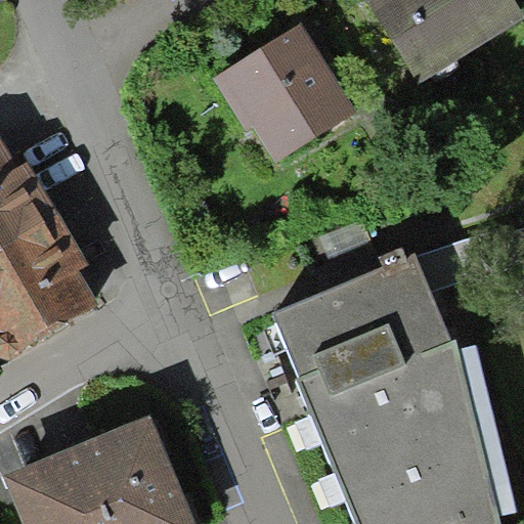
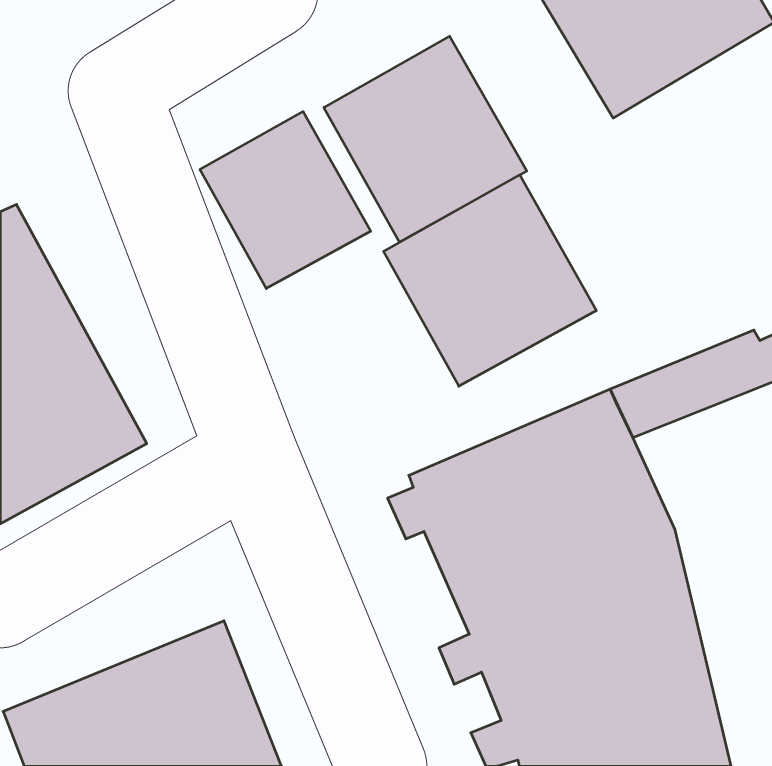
building: none -> [200,112,371,289]
building: none -> [384,175,596,386]

